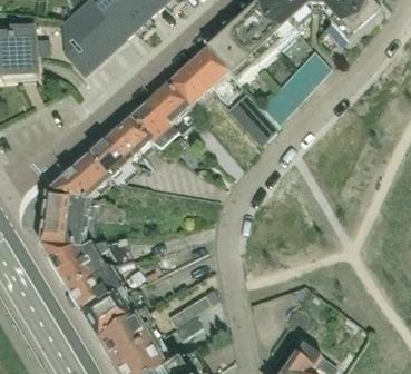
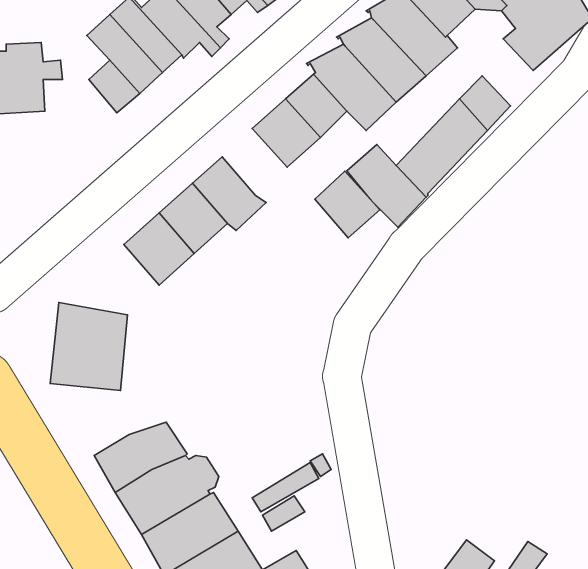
building: [149,82,190,125] -> [315,171,380,238]
building: [46,156,109,200] -> none
building: [40,240,133,289] -> none

